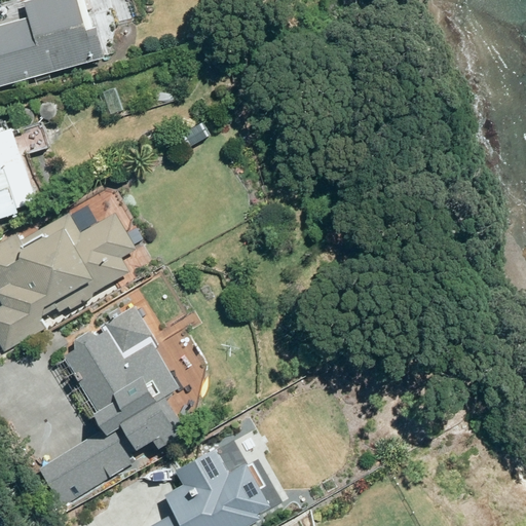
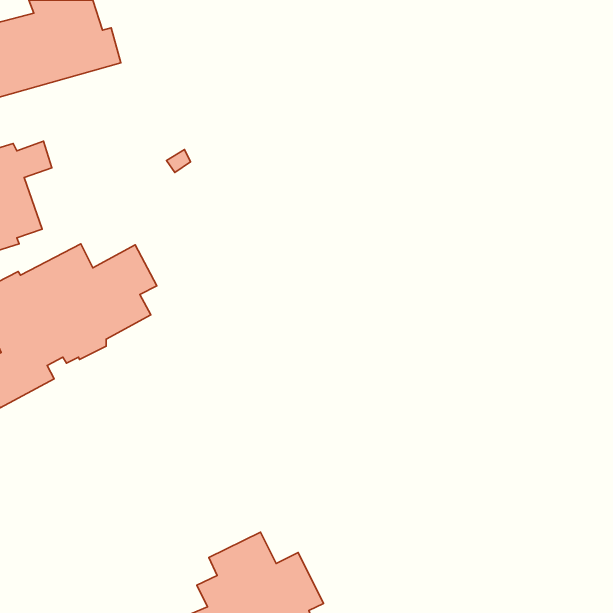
building: [36,329,180,508] -> none

